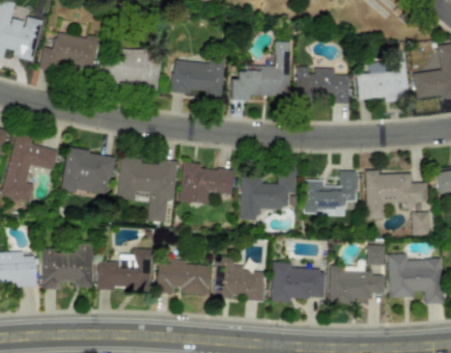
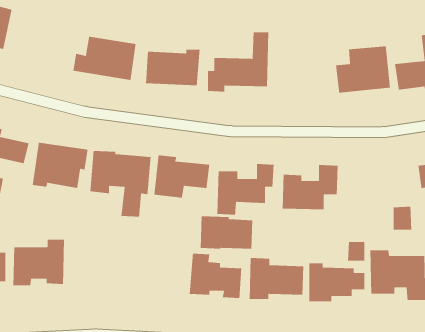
building: [40,31,98,75] -> none
building: [297,66,349,104] -> none
building: [366,169,429,219] -> none
building: [97,248,151,291] -> none
building: [157,261,208,294] -> [200,215,253,250]

